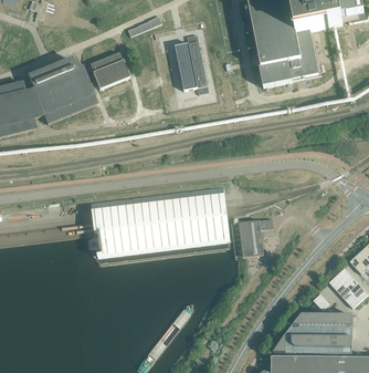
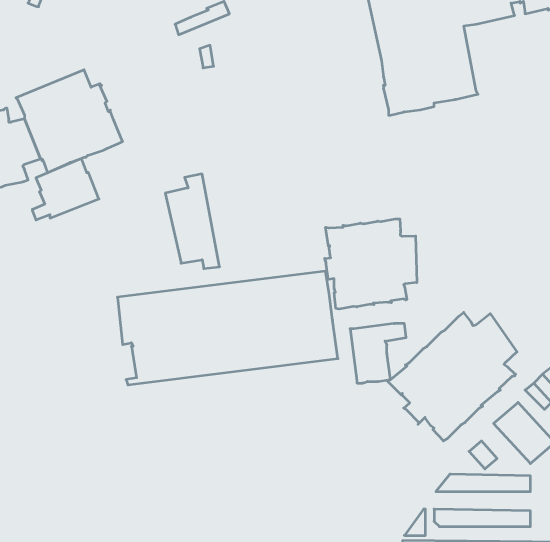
building: [173,34,208,94] -> [165,174,220,269]
building: [86,52,128,91] -> [32,159,99,220]
building: none -> [325,219,417,309]
building: none -> [388,312,517,441]

